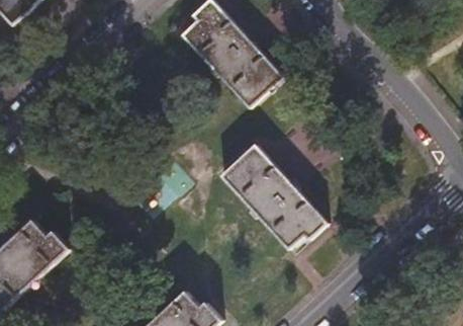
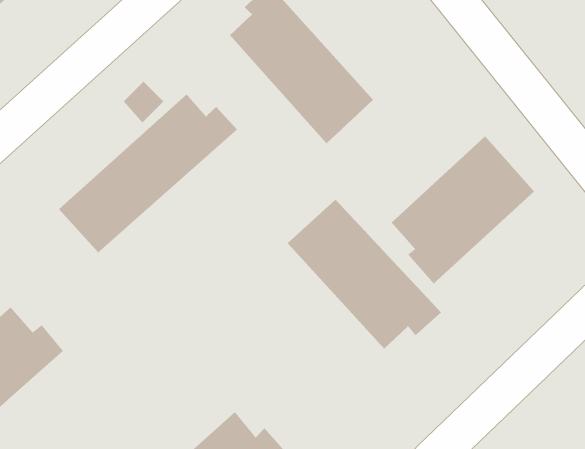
building: none -> [58,94,238,253]
building: none -> [391,135,535,284]

